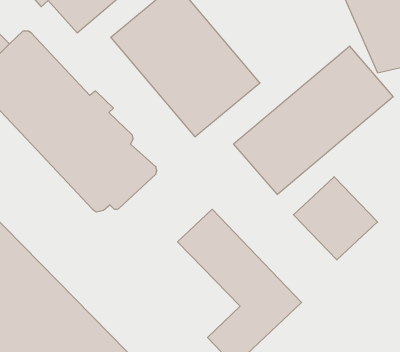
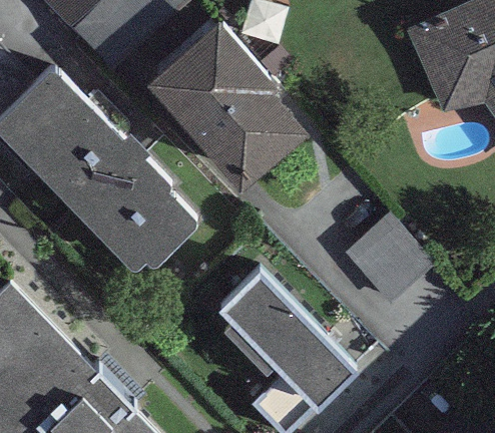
building: [234,46,393,195] -> none

